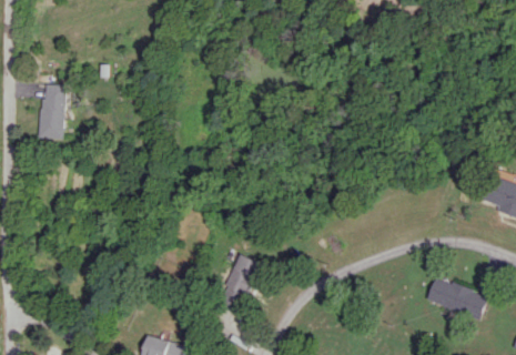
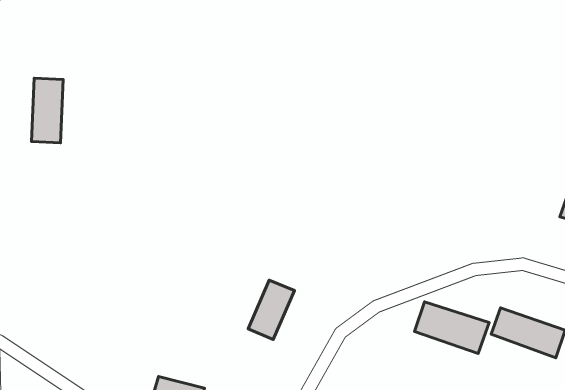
building: none -> [414,302,489,354]

